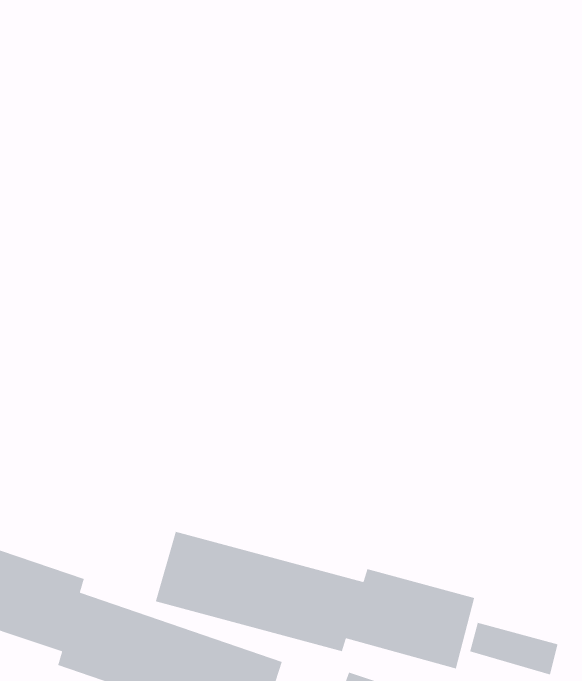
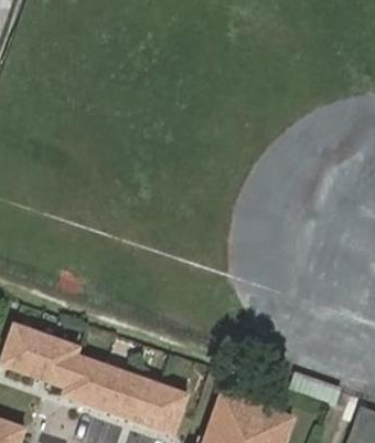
building: [155,531,475,670] -> none

